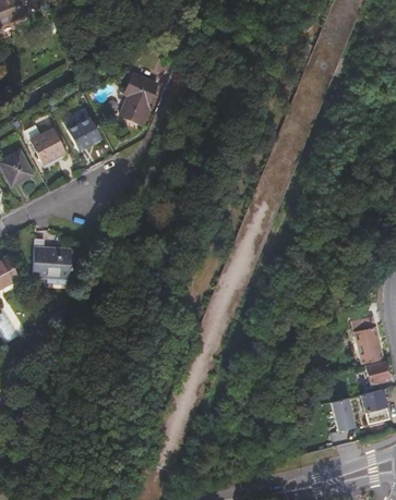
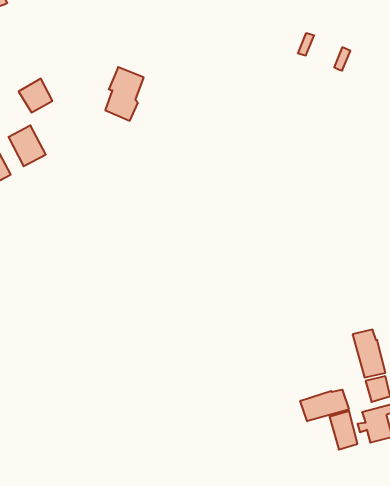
building: [68,118,99,149] -> [19,79,52,112]
building: [33,240,72,278] -> none
building: none -> [300,390,349,421]

